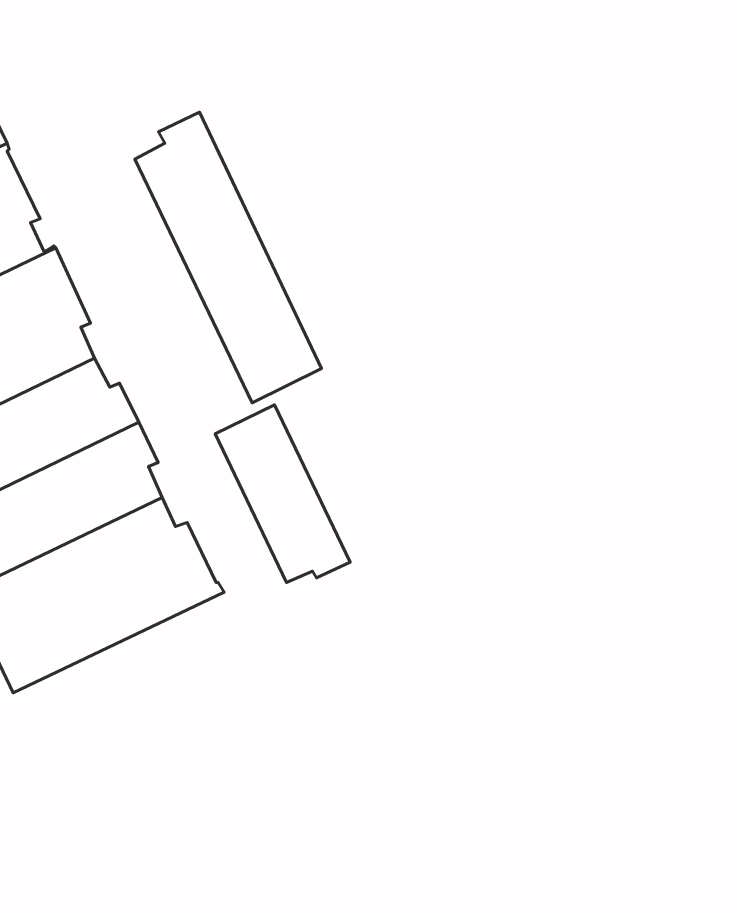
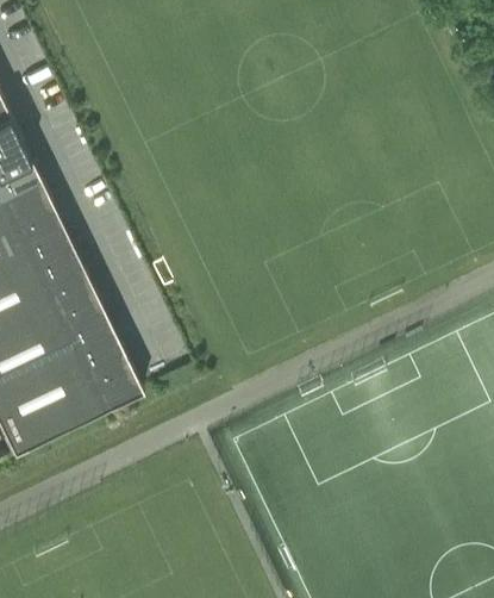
building: [135,112,322,403] -> none
building: [215,405,350,582] -> none

